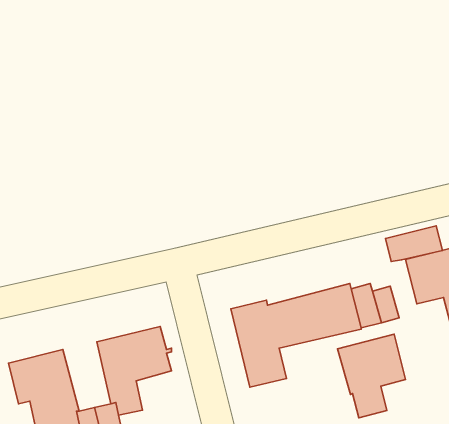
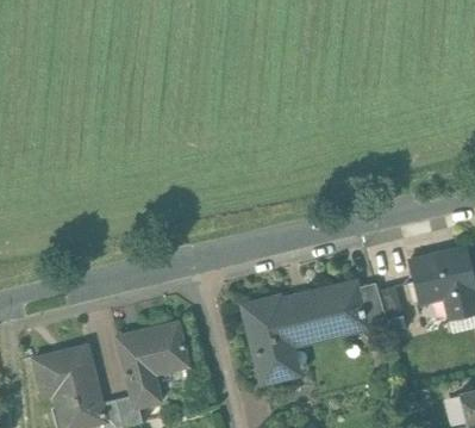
building: [386,226,443,262] -> none
building: [338,334,406,418] -> none

